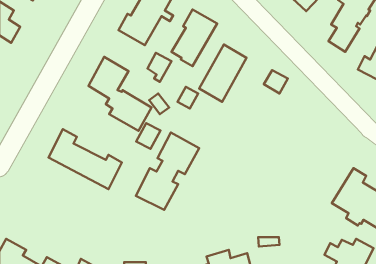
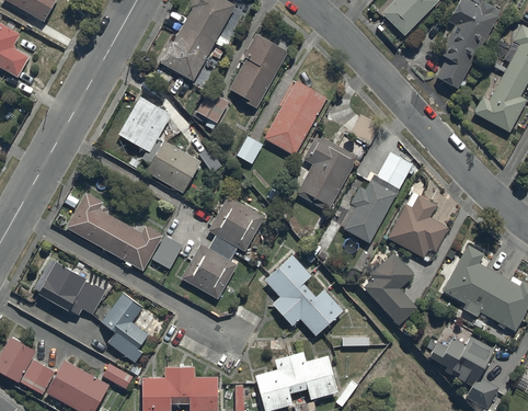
building: none -> [296,134,358,212]
building: none -> [337,148,413,243]
building: [136,123,160,149] -> [151,235,183,269]
building: none -> [388,190,449,258]
building: none -> [363,252,417,327]
building: none -> [264,254,343,335]
building: none -> [34,259,105,316]
building: none -> [100,290,148,363]

